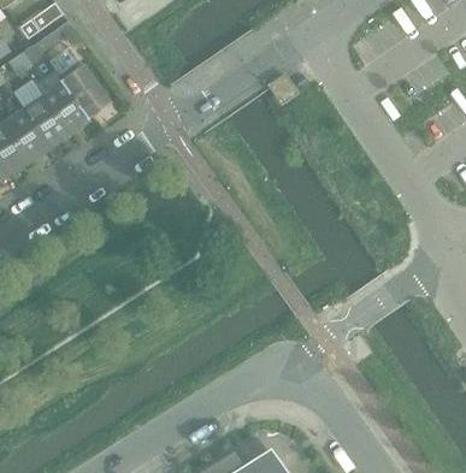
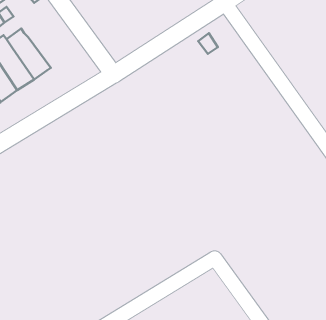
building: [48,46,110,118] -> none

